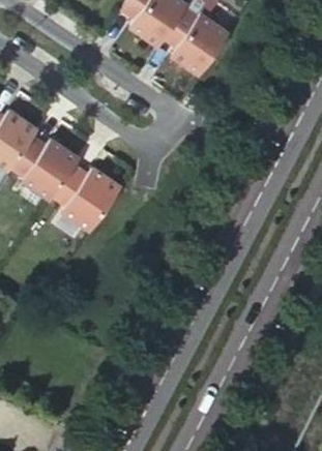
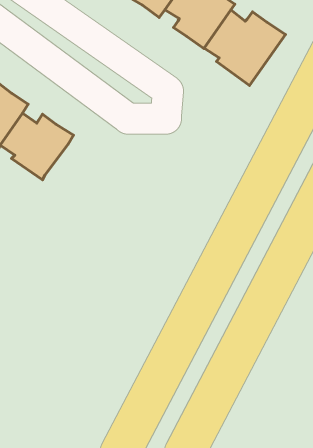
building: none -> [204,10,285,85]
building: [54,166,122,231] -> none

